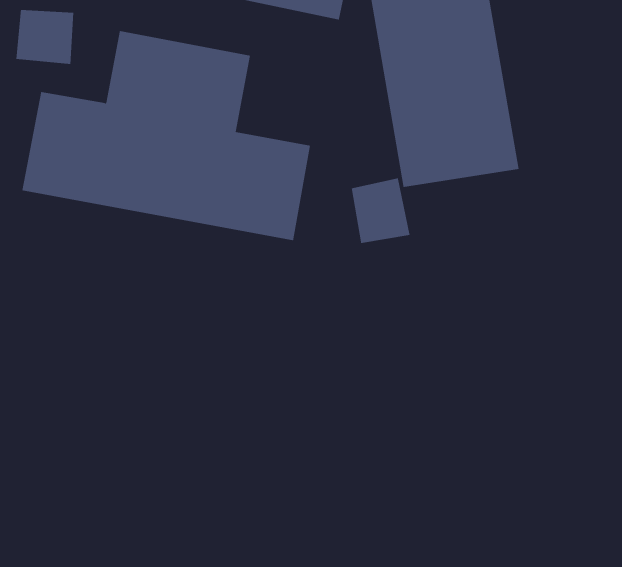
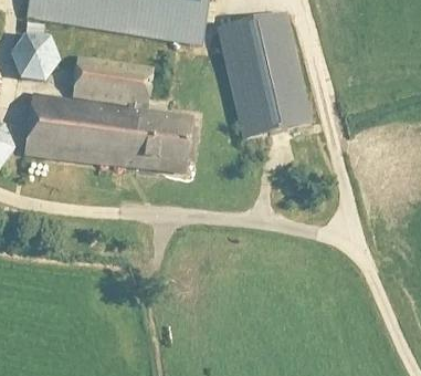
building: [351,178,410,244] -> none

